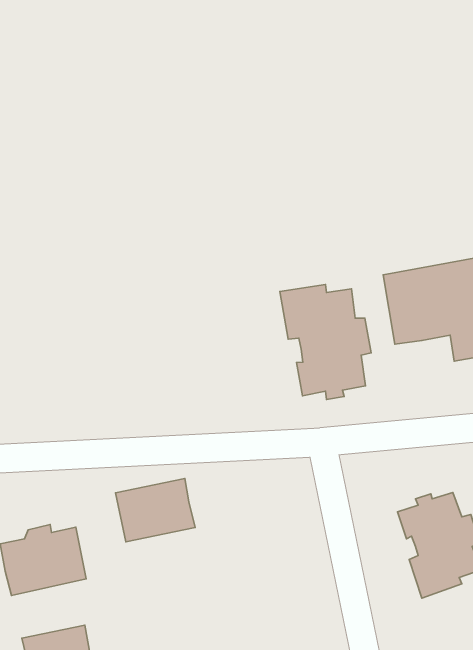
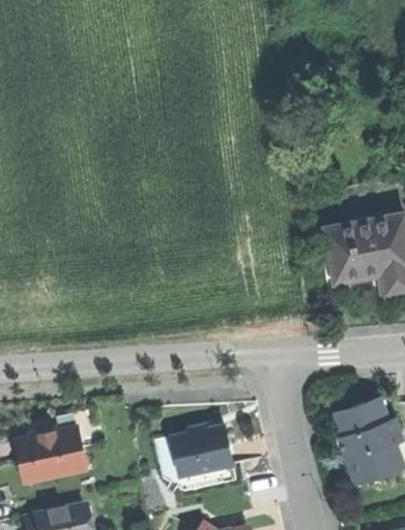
building: [280,284,371,399] -> none
building: [115,479,195,542] -> [169,425,233,476]

